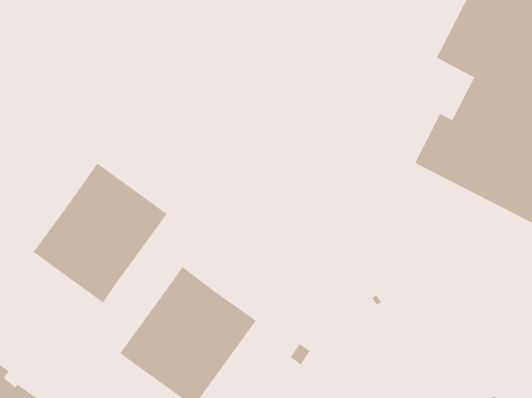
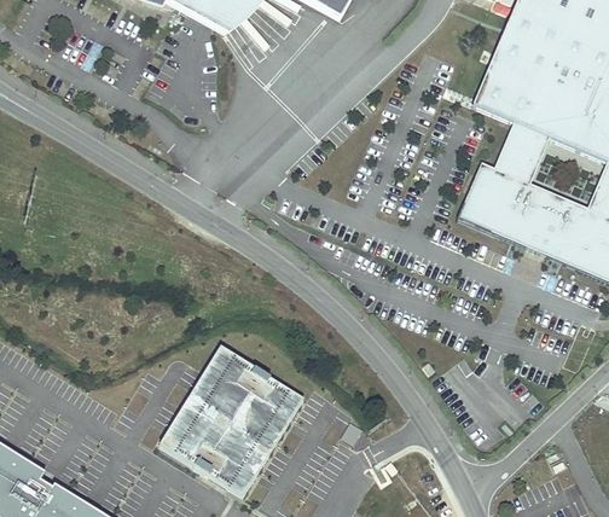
building: [32,163,168,303] -> none

